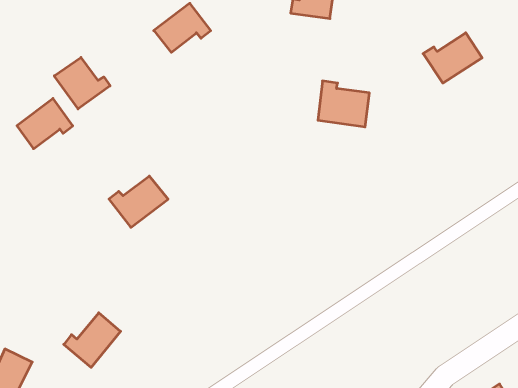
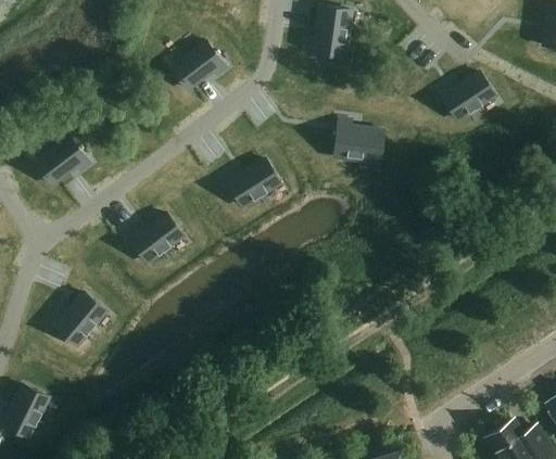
building: [54,57,110,109] -> none
building: none -> [225,160,282,208]
building: [64,313,121,367] -> [51,293,108,347]

